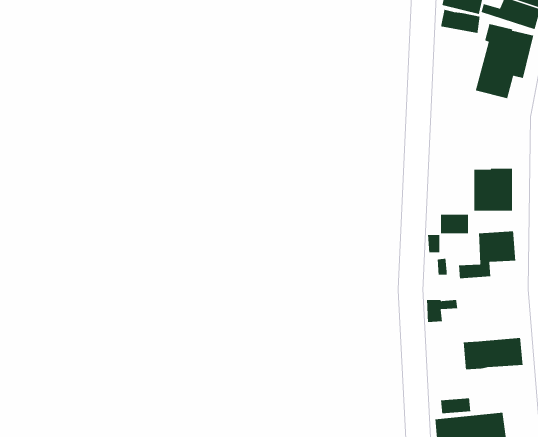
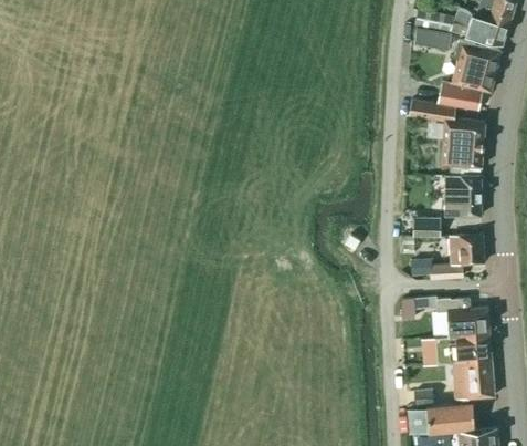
building: none -> [408,100,484,176]
building: none -> [435,298,488,336]
building: none -> [452,360,494,400]

